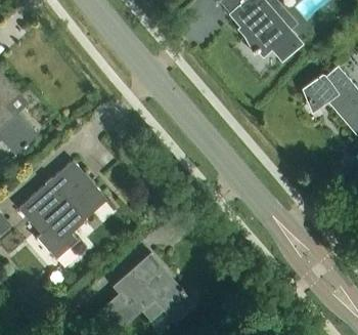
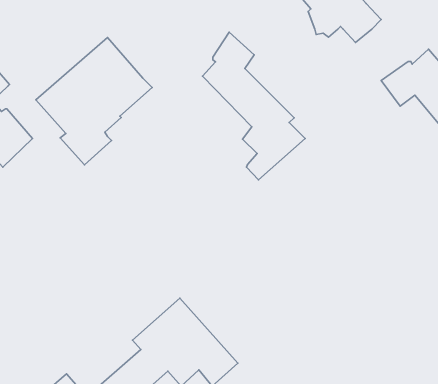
building: none -> [203,32,305,180]
building: [19,162,107,258] -> [36,38,152,165]

